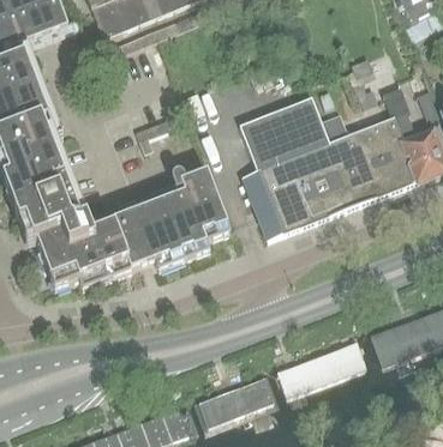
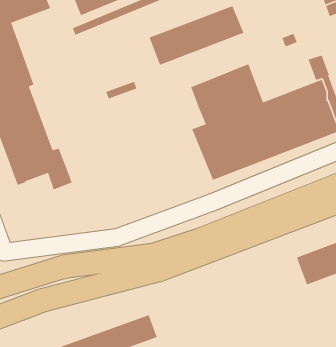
building: none -> [149,5,244,66]
building: [40,171,232,289] -> none
building: [274,340,369,398] -> none
building: [194,373,281,433] -> none

